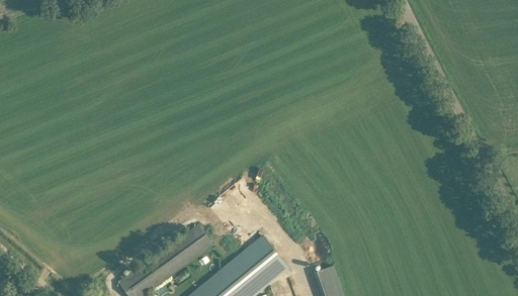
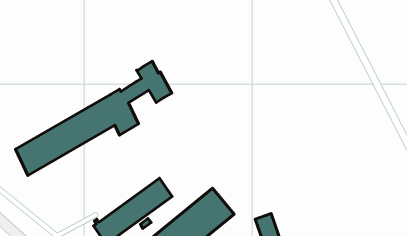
building: none -> [15,61,172,175]

